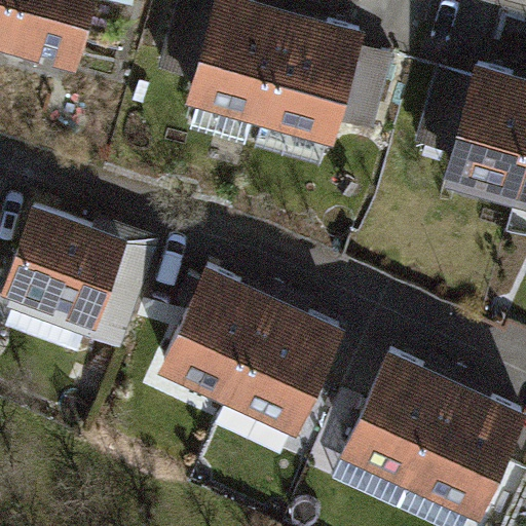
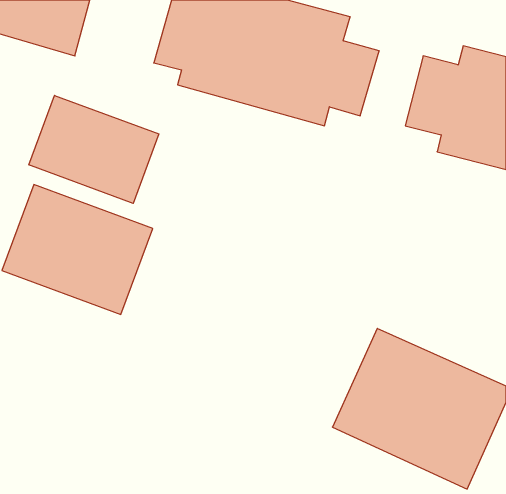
building: none -> [29,95,159,203]
building: [159,270,339,429] -> none

